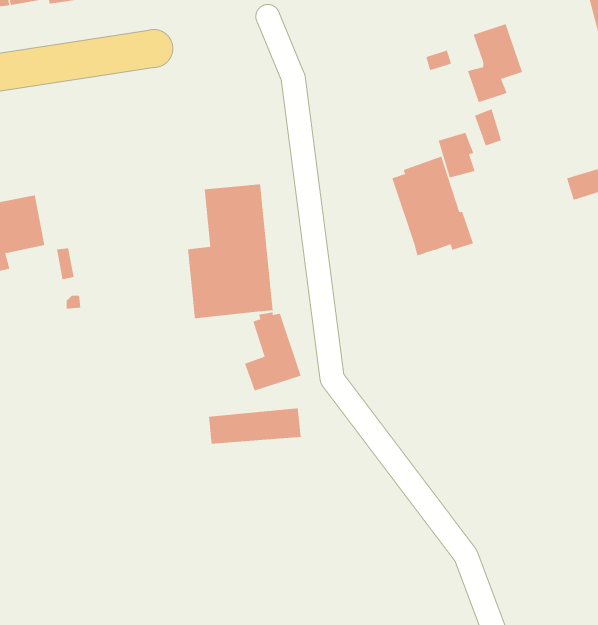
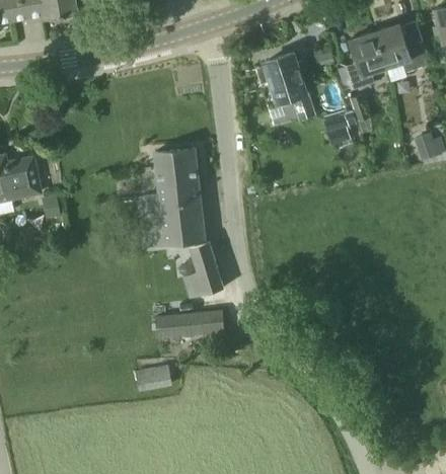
building: none -> [374,22,428,72]
building: [392,156,474,256] -> [256,52,316,125]
building: none -> [137,366,172,389]

